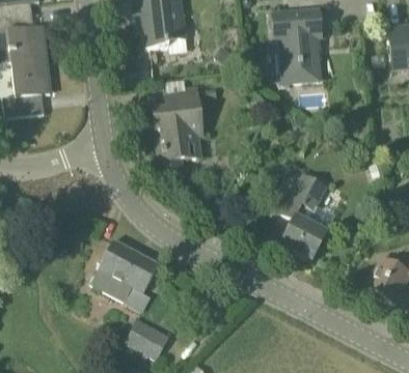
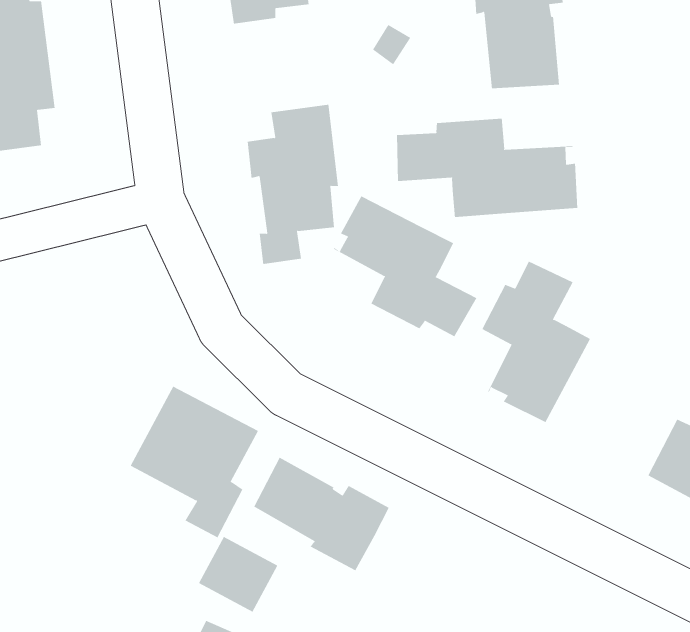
building: none -> [396,118,578,218]
building: none -> [334,196,477,337]
building: none -> [253,457,389,571]

